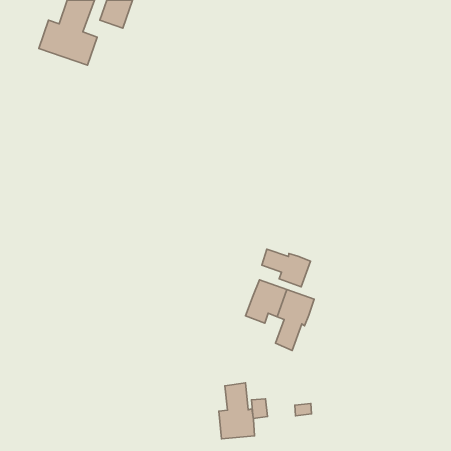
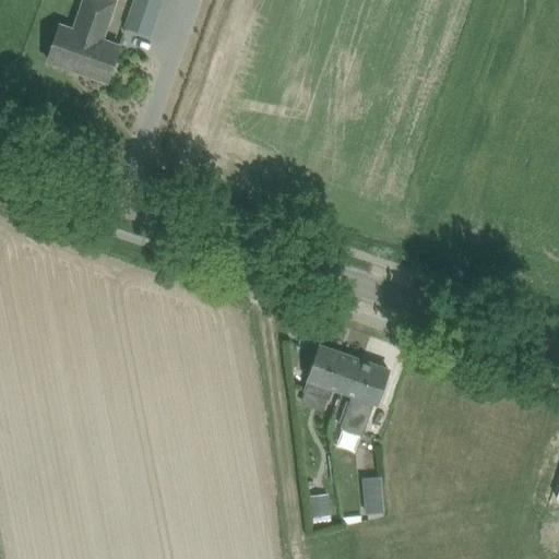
building: [262,249,310,287] -> none
building: [219,383,255,439] -> none

